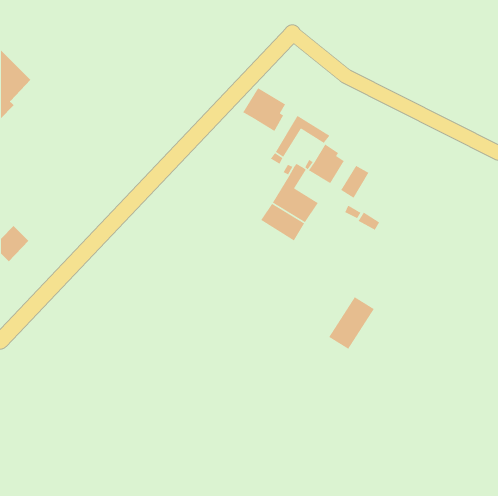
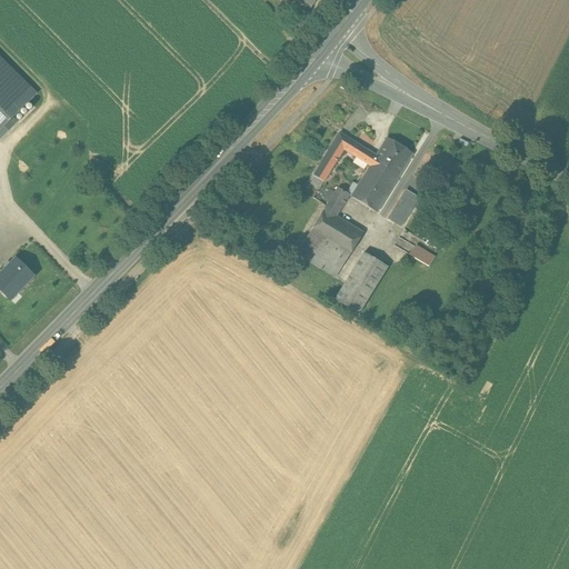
building: [242,87,286,133] -> none
building: none -> [370,137,412,183]
building: [328,296,375,350] -> [335,251,388,312]

